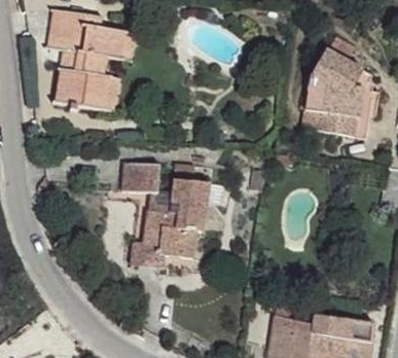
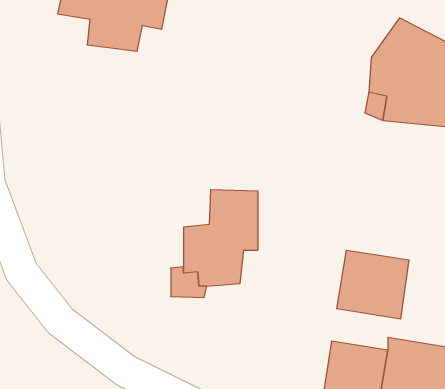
building: [57,69,123,113] -> none
building: [124,171,158,199] -> none
building: none -> [337,250,409,319]

